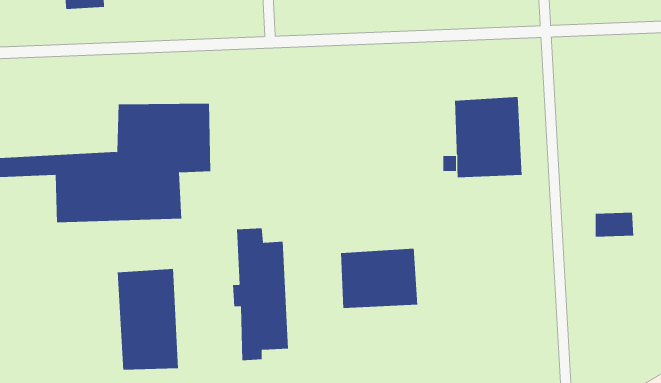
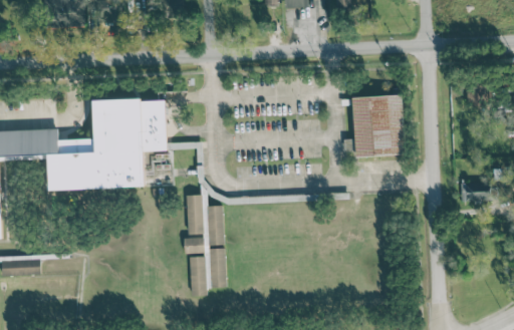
building: [341,248,418,309] -> none
building: [117,268,178,371] -> none

